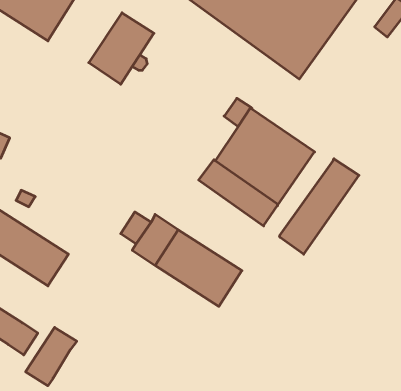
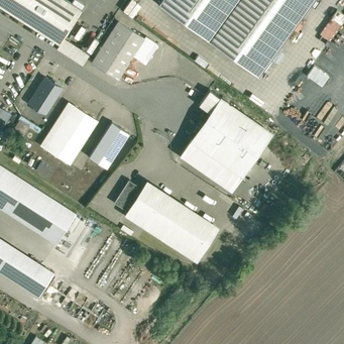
building: none -> [29,80,61,115]
building: none -> [44,106,98,166]
building: none -> [89,124,128,169]
building: [280,159,359,254] -> none
building: [26,327,77,386] -> none

